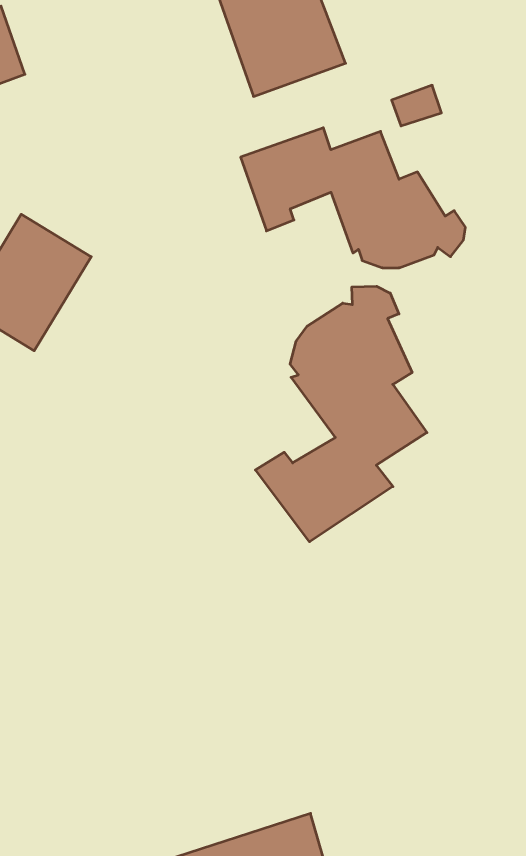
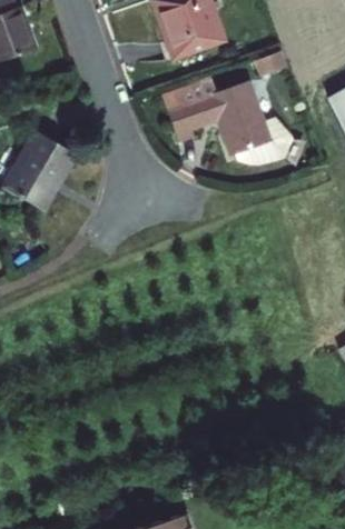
building: [255,286,427,542] -> none

